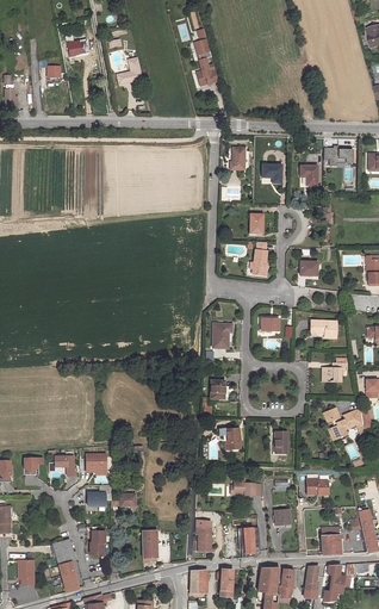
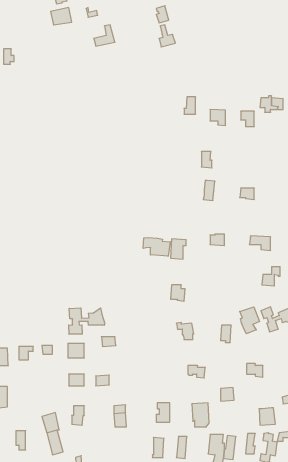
building: none -> [143,238,170,256]
building: none -> [240,307,260,334]
building: none -> [69,308,105,334]

